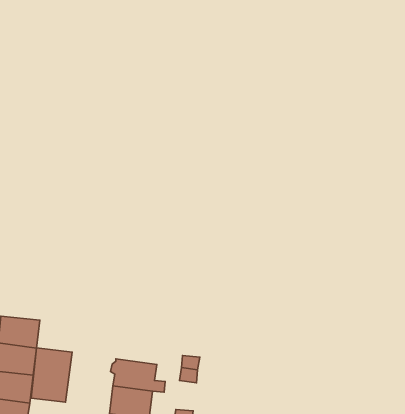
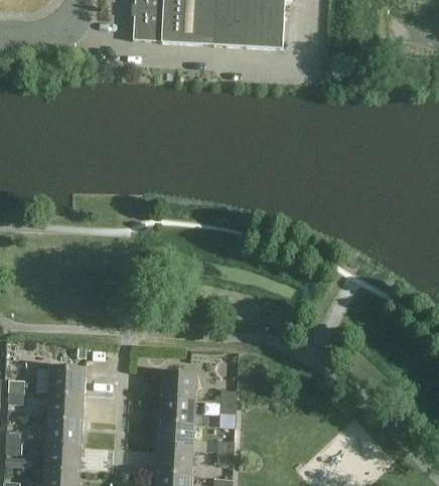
building: none -> [158,371,197,399]
building: [31,348,72,402] -> none

